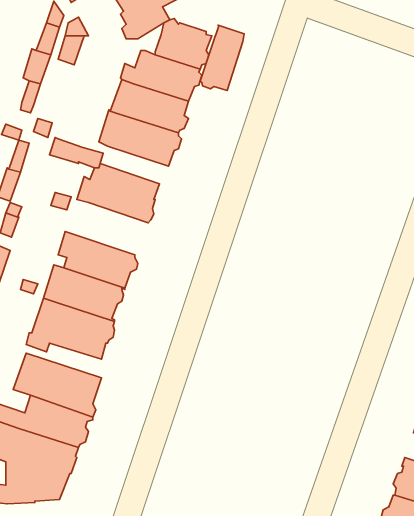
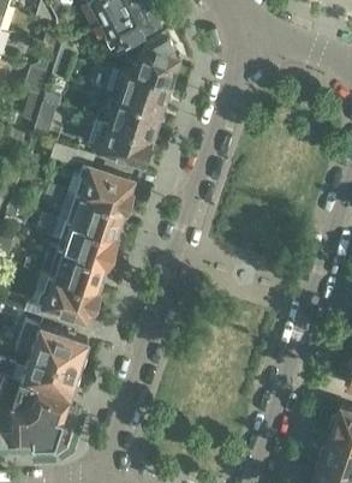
building: [200,25,244,91] -> none
building: none -> [59,193,127,239]

